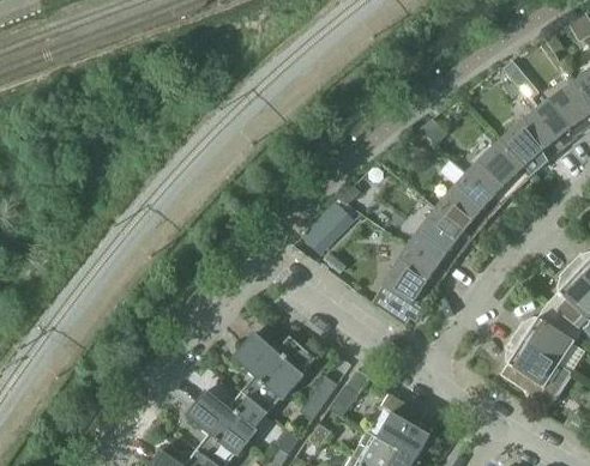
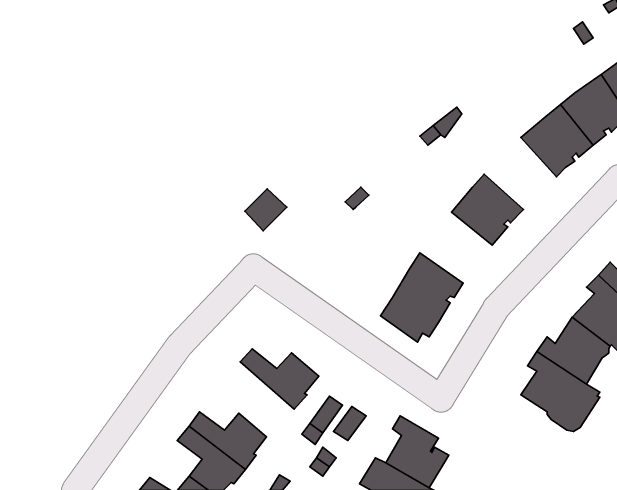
building: [465,139,531,205] -> none
building: [313,204,351,242] -> [245,189,287,231]
building: [407,207,472,272] -> none
building: [231,344,291,412] -> none

